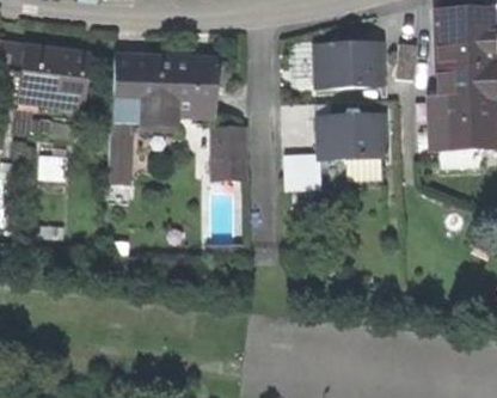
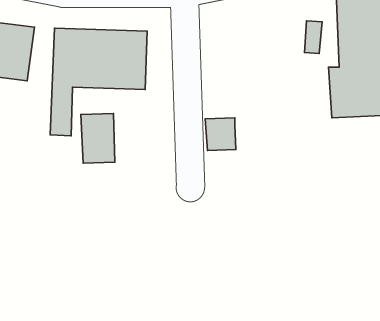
building: [314,43,385,90] -> none
building: [315,114,386,161] -> none
building: [209,125,247,182] -> [81,114,115,163]

